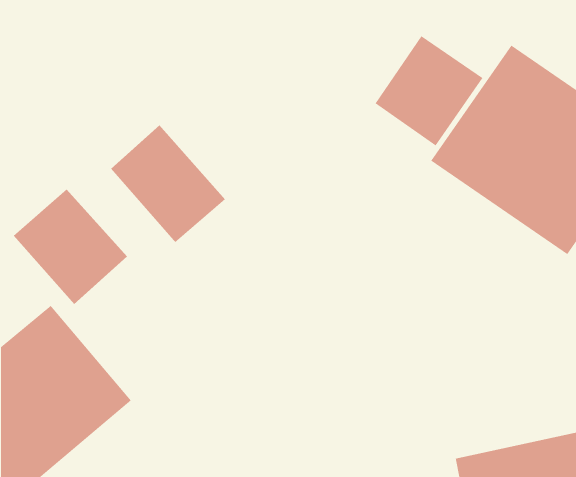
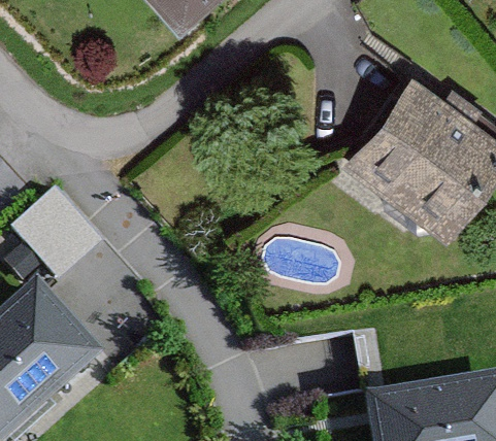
building: [375,35,484,147] -> none
building: [110,125,226,243] -> none

